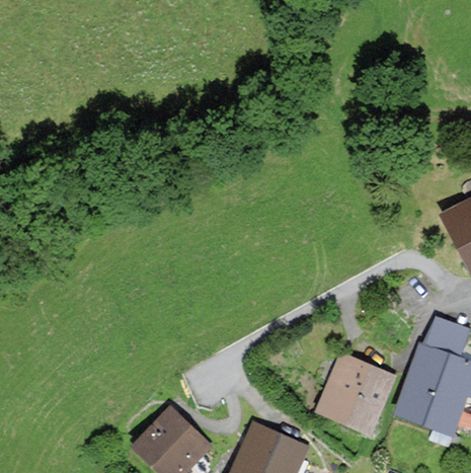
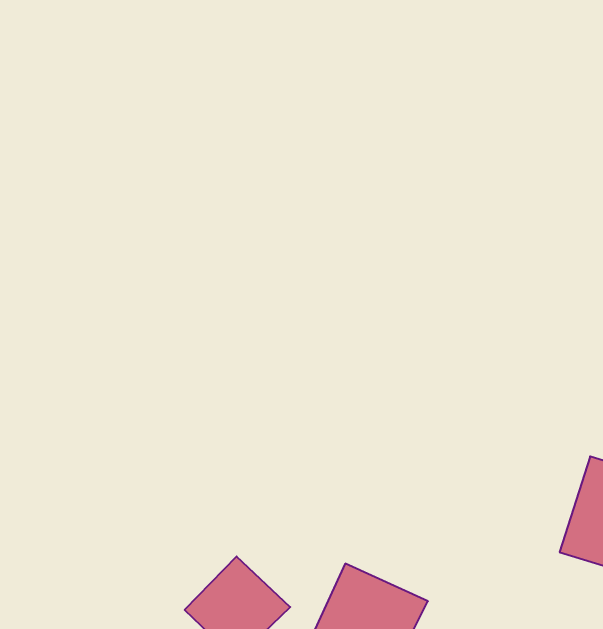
building: [317,358,390,429] -> none

